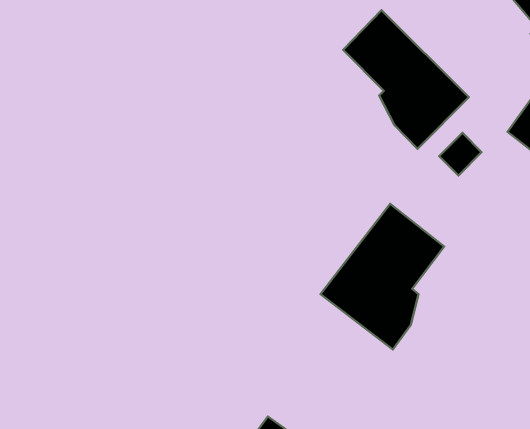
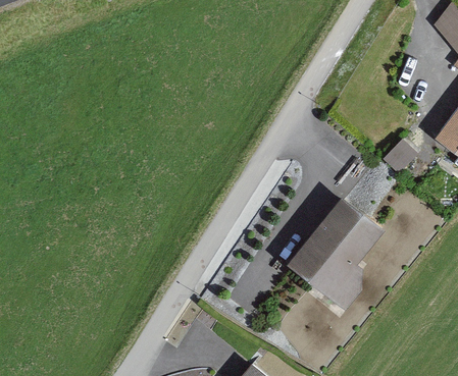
building: [343,10,469,149] -> none

